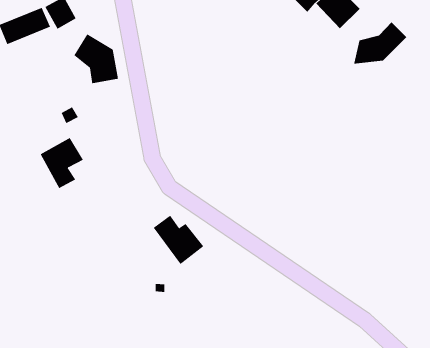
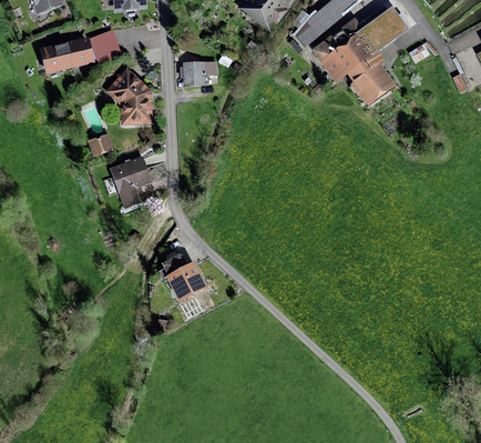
building: none -> [183,61,215,85]
building: [353,21,407,65] -> none
building: [40,137,84,189] -> [110,155,151,203]

